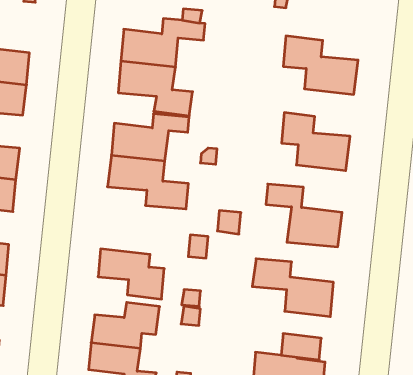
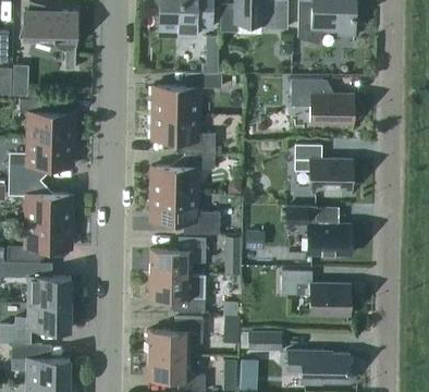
building: none -> [149,237,206,275]
building: [281,334,321,360] -> [248,331,281,351]

